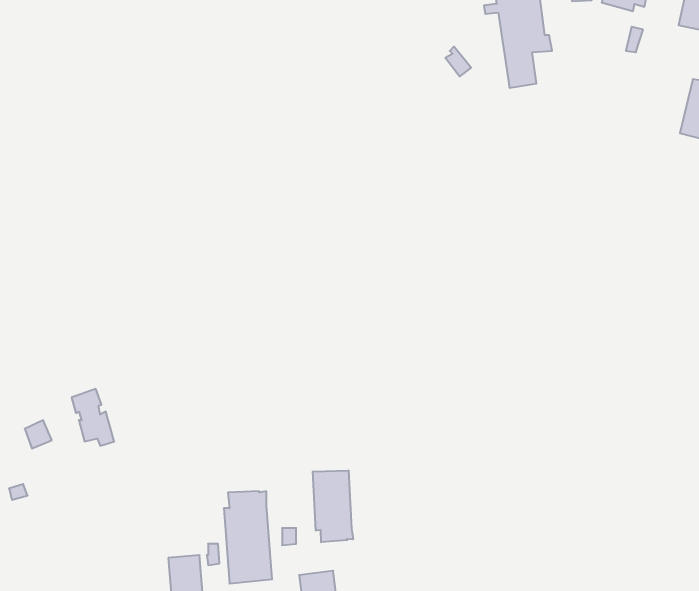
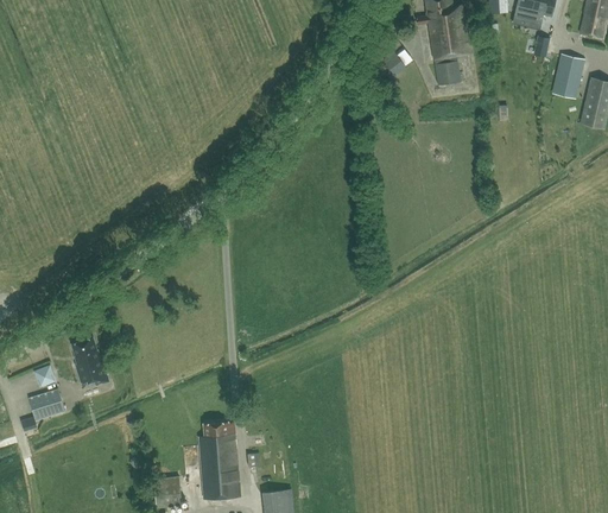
building: none -> [552,55,584,99]
building: none -> [28,390,65,420]
building: [313,470,353,542] -> none

